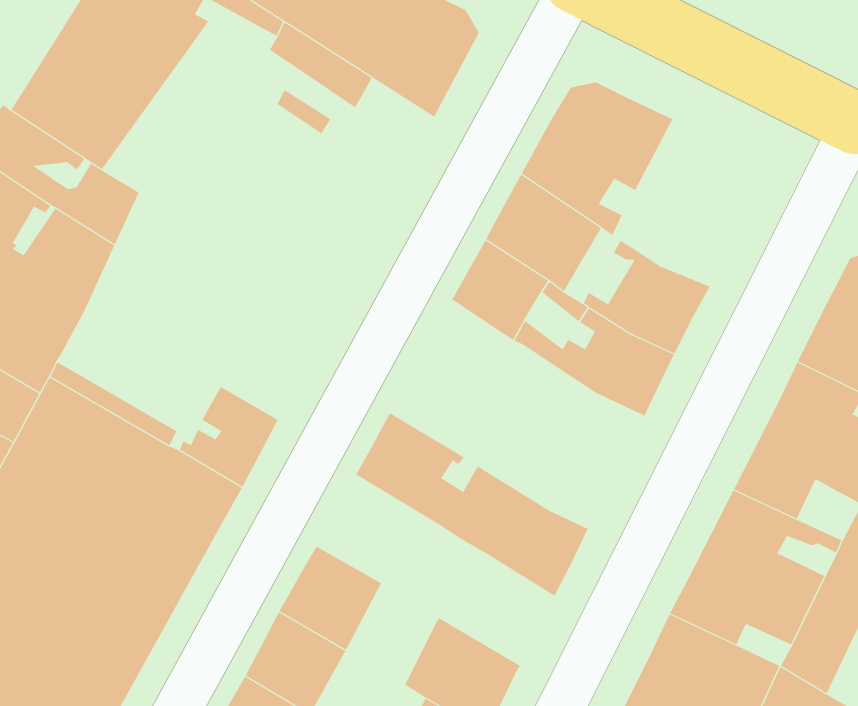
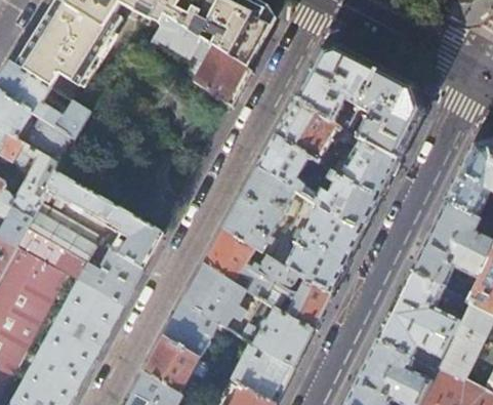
building: none -> [194,47,251,108]
building: none -> [344,70,421,161]
building: none -> [222,168,295,252]
building: none -> [43,174,130,234]
building: none -> [275,207,362,293]
building: none -> [182,264,251,327]
building: none -> [240,307,313,368]

